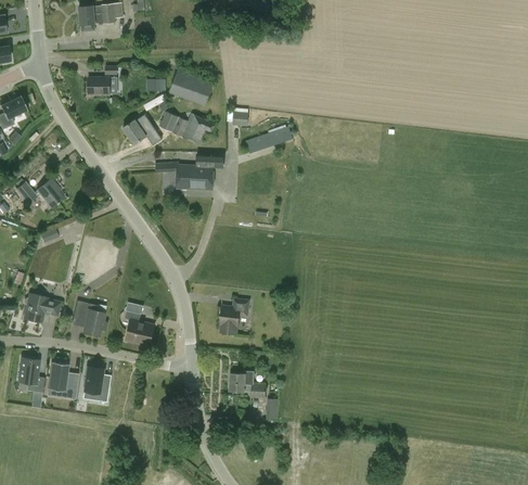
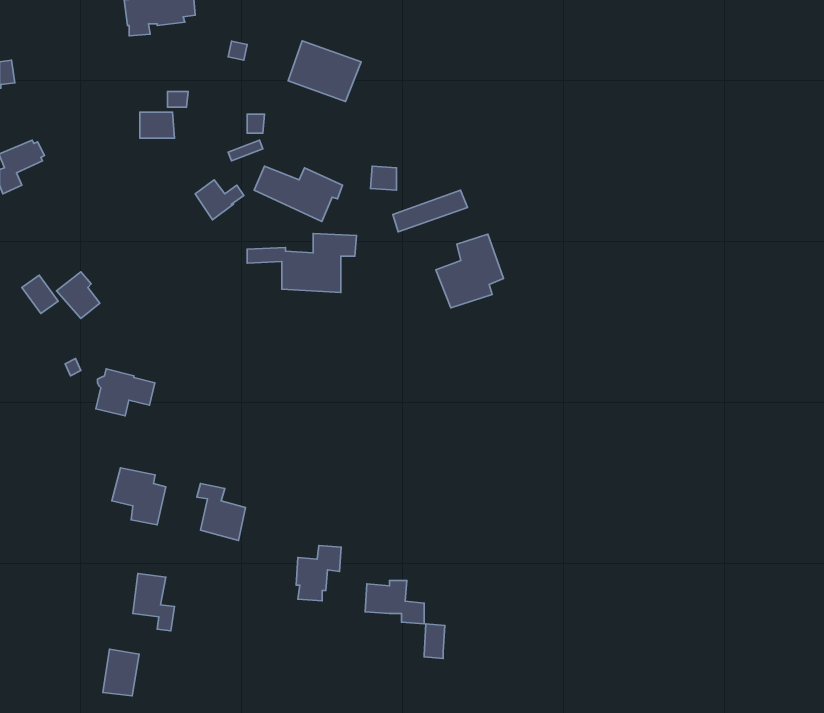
building: [169,67,215,105] -> [288,41,361,102]
building: none -> [436,234,503,308]
building: [23,293,60,322] -> [96,369,155,416]
building: [216,299,244,334] -> [296,545,341,601]
building: [17,358,43,392] -> none
building: [47,361,69,391] -> [103,649,139,696]

